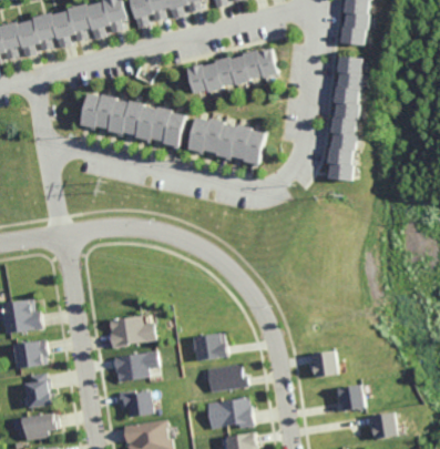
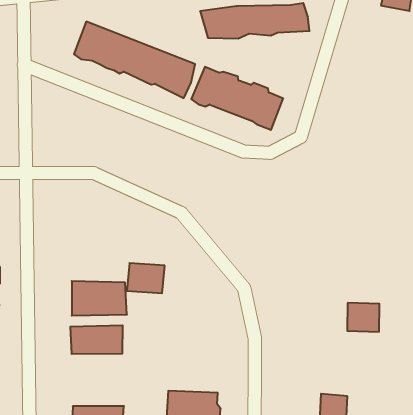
building: [327,57,365,178] -> none
building: [192,333,224,359] -> [127,263,165,293]
building: [310,350,341,378] -> [347,303,379,332]
building: [204,365,245,392] -> none
building: [120,391,157,418] -> none

